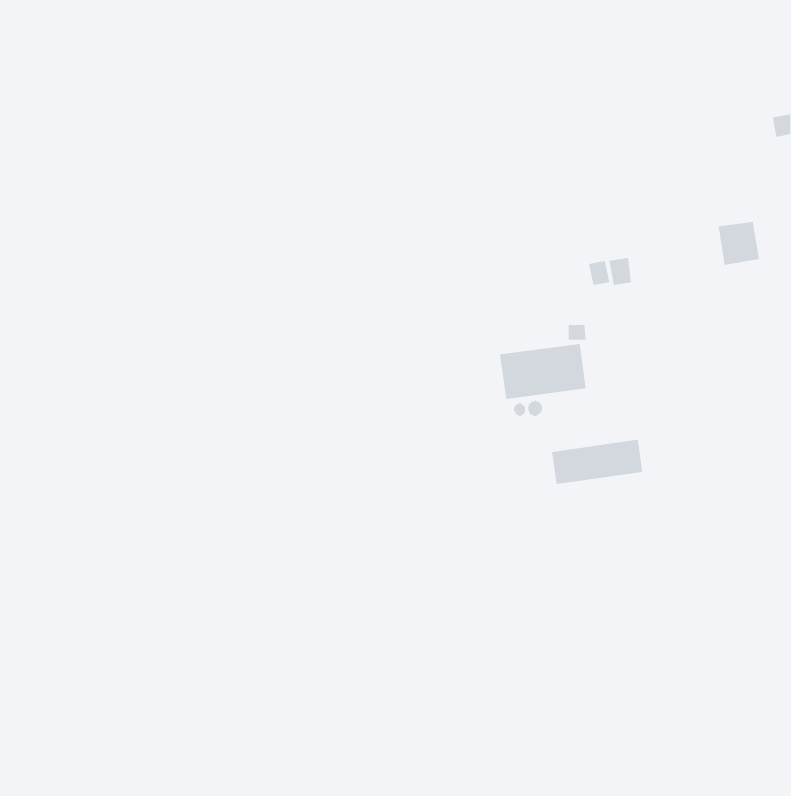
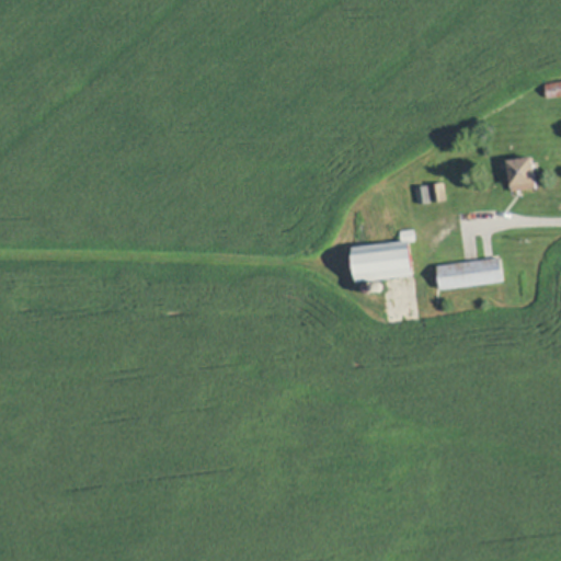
building: [551,439,643,485] -> [435,257,500,289]

